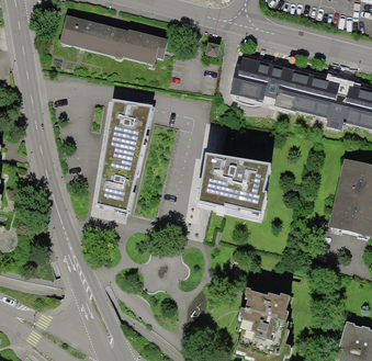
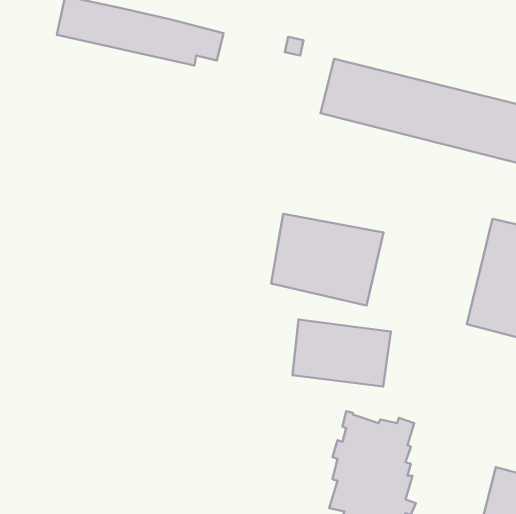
building: [95,98,153,210] -> none
building: none -> [292,320,391,386]

